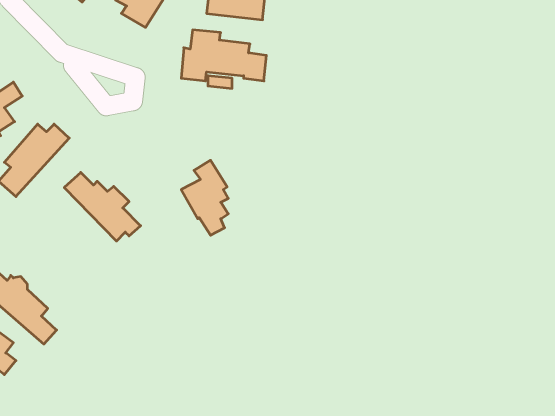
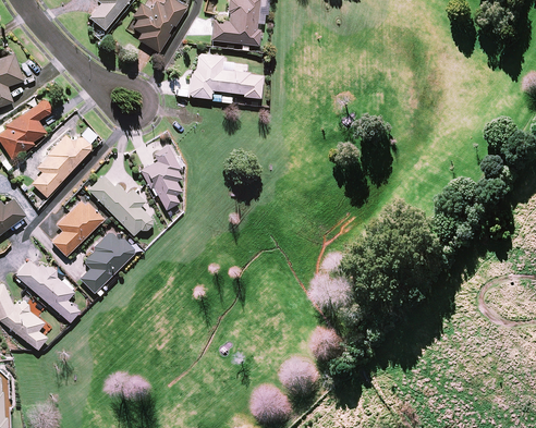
building: [181,160,228,235] -> [141,145,181,209]
building: none -> [51,198,103,256]
building: none -> [80,232,135,293]

